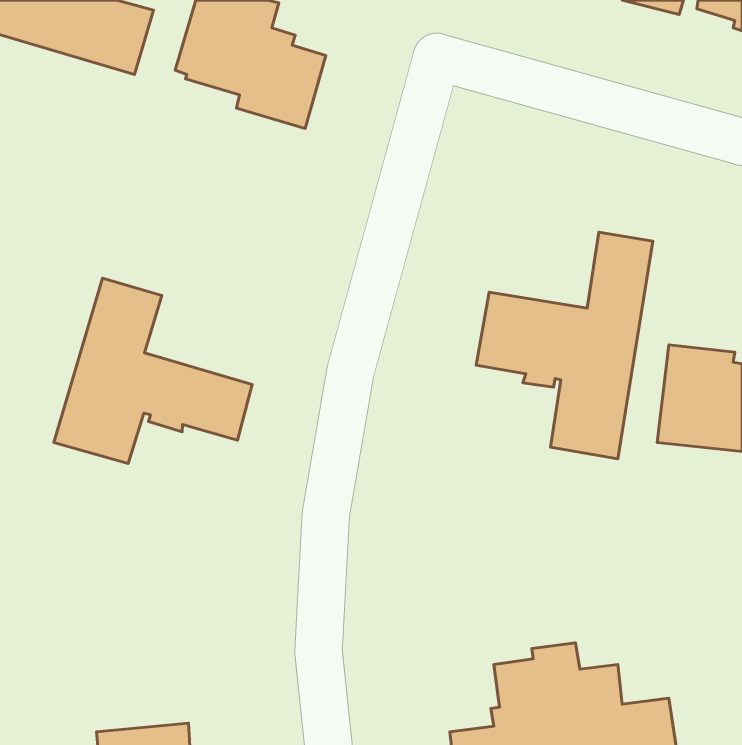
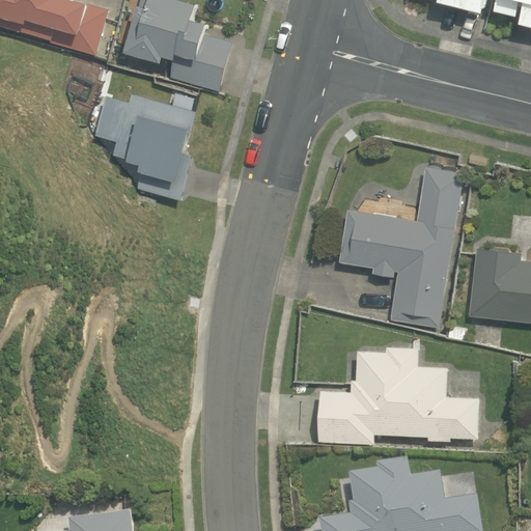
building: none -> [94,92,197,199]
building: [54,278,252,464] -> none
building: none -> [317,342,480,444]

